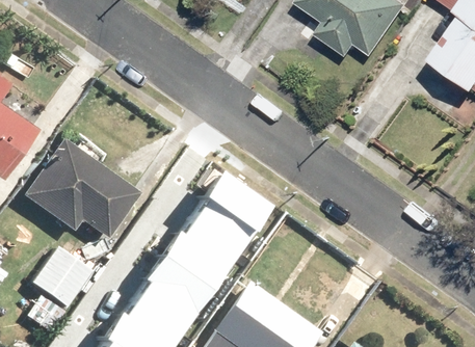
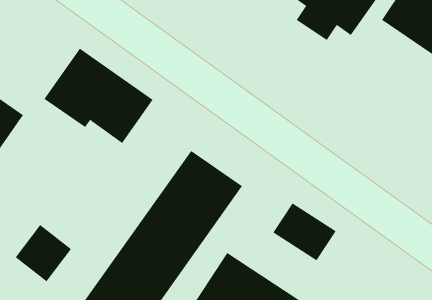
building: [28,145,142,245] -> [43,48,154,144]
building: none -> [272,203,336,261]

